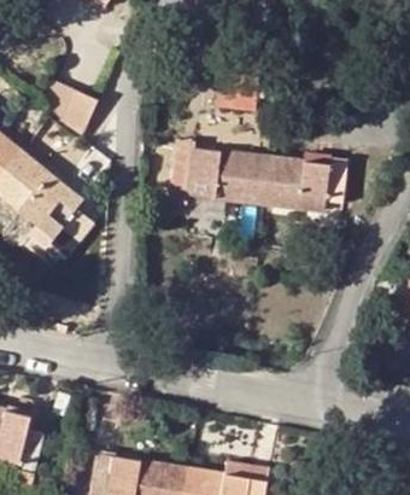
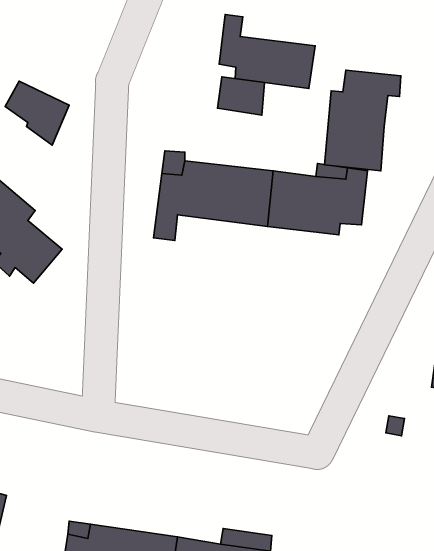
building: none -> [219,15,315,88]
building: none -> [325,70,401,171]

